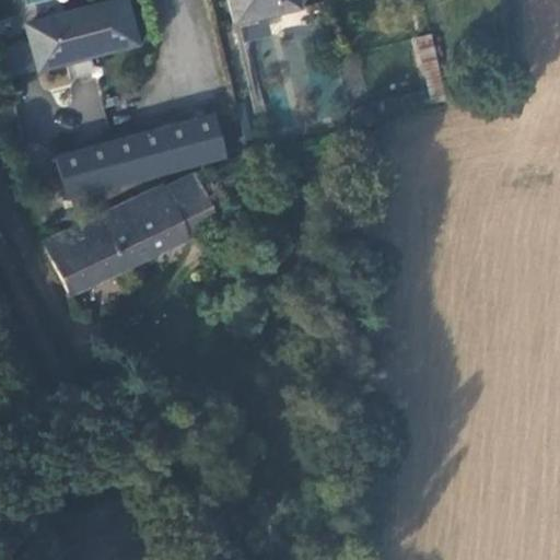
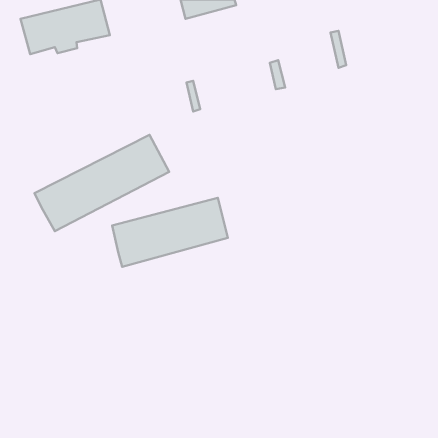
building: [58,113,230,198] -> none
building: none -> [112,198,228,267]

